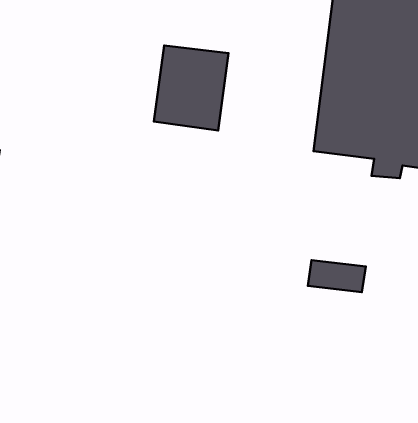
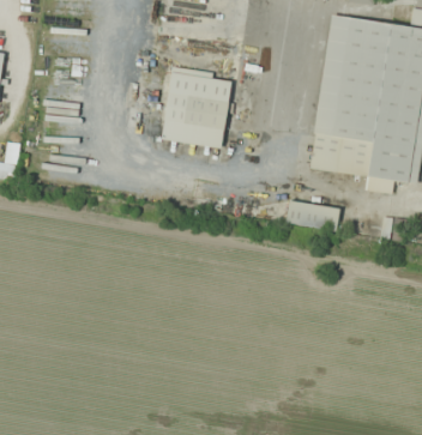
building: [308,260,366,292] -> [285,201,339,231]

